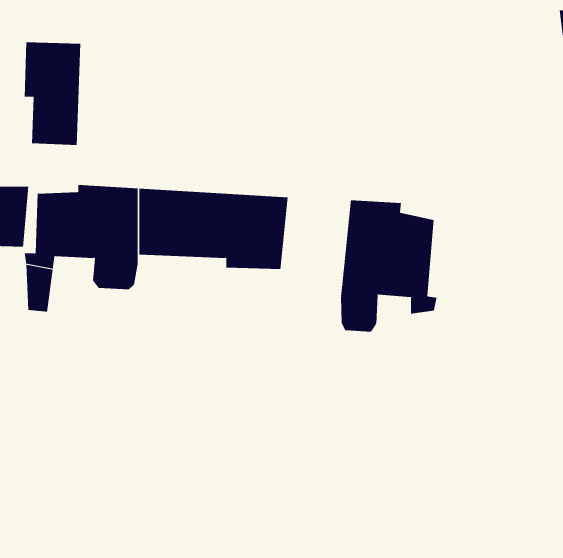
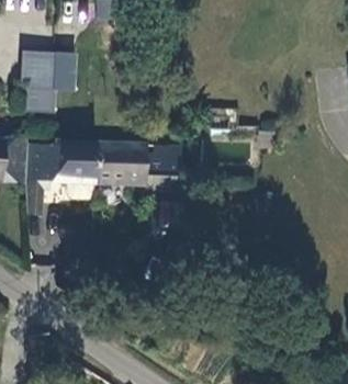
building: [341,199,437,333] -> none

